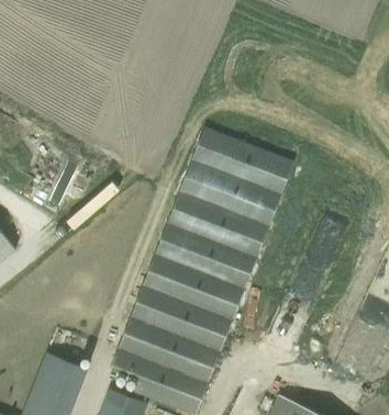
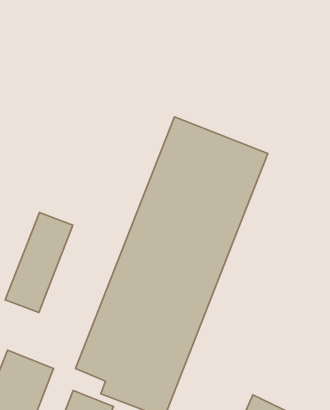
building: none -> [5,212,73,312]

